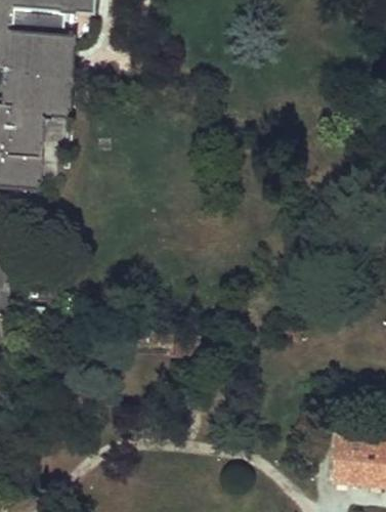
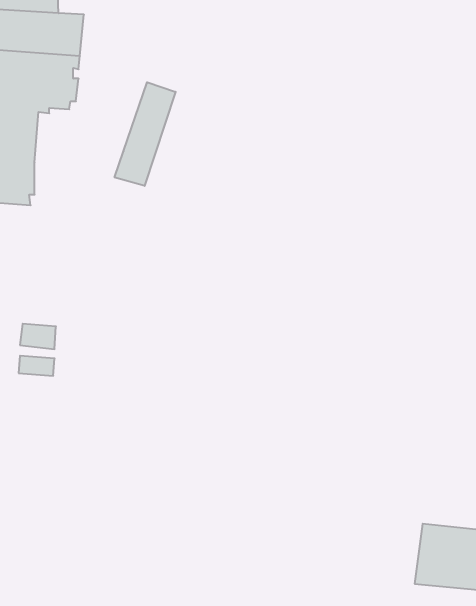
building: none -> [115,82,176,186]

